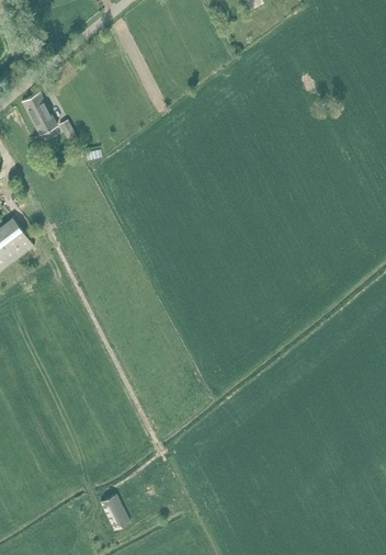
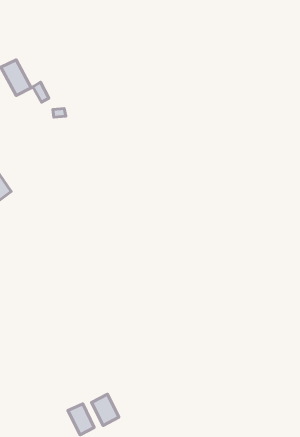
building: none -> [92,394,119,426]

